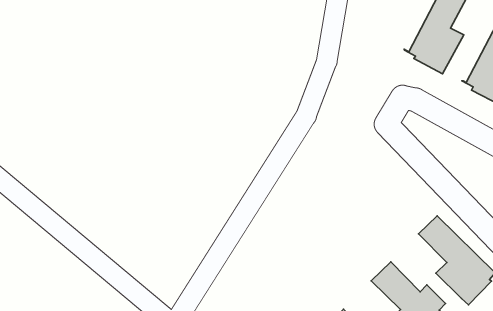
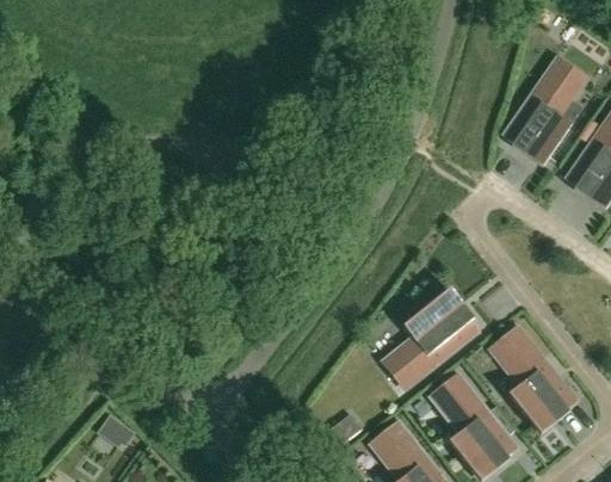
building: none -> [385,286,481,384]

